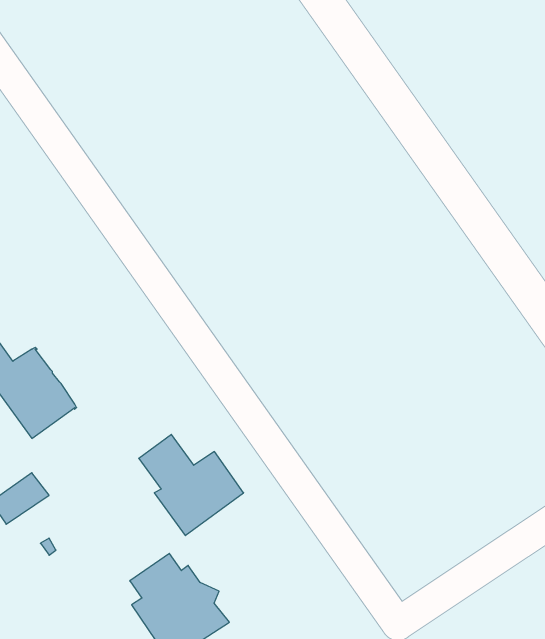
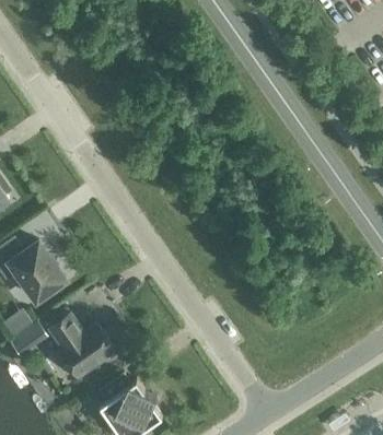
building: [139,434,244,536] -> [49,316,116,380]

